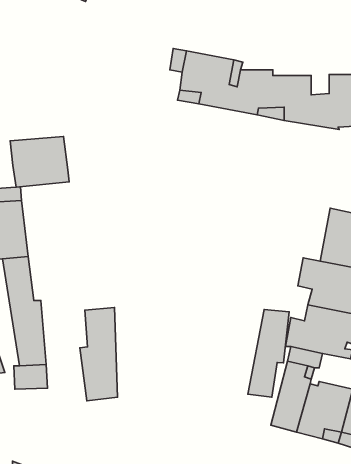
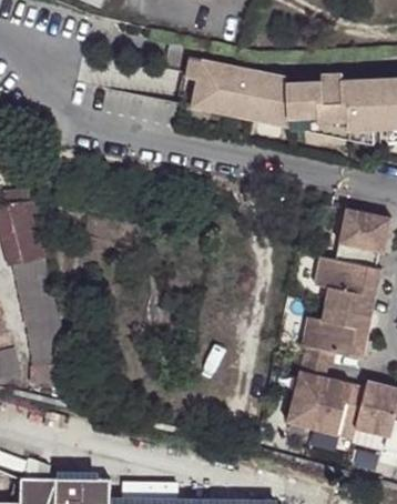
building: [10,136,69,187] -> none
building: [80,308,118,401] -> none
building: [248,310,289,397] -> none

